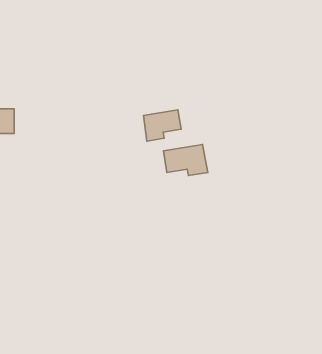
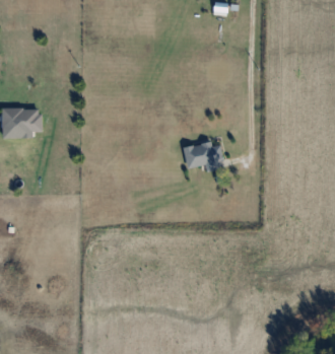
building: [143,110,181,141] -> none

